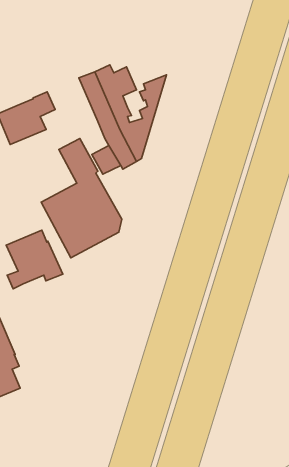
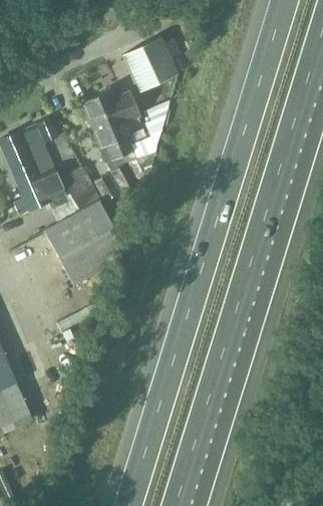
building: none -> [122,37,177,91]
building: [6,230,63,289] -> [12,156,69,215]

